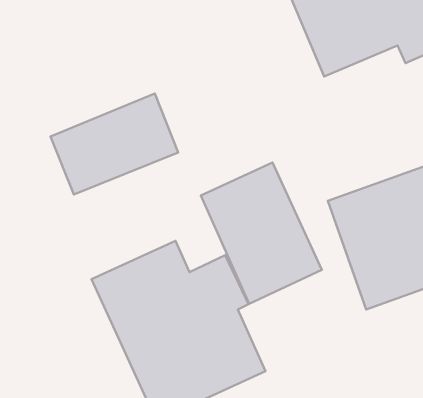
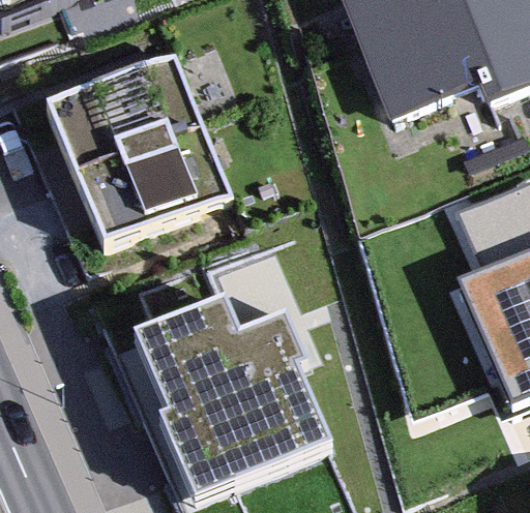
building: none -> [53,55,202,172]
building: [201,163,322,304] -> none

